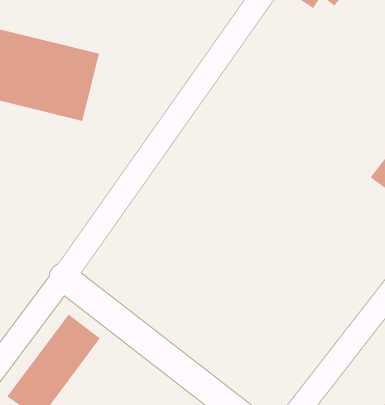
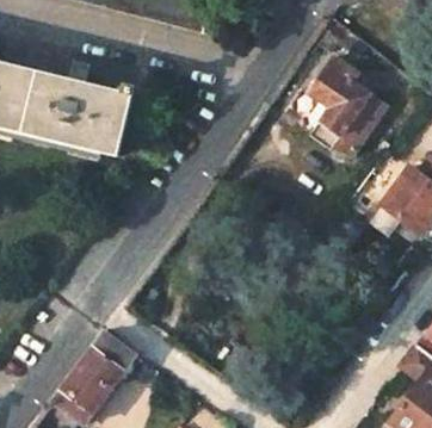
building: none -> [307,57,387,157]

